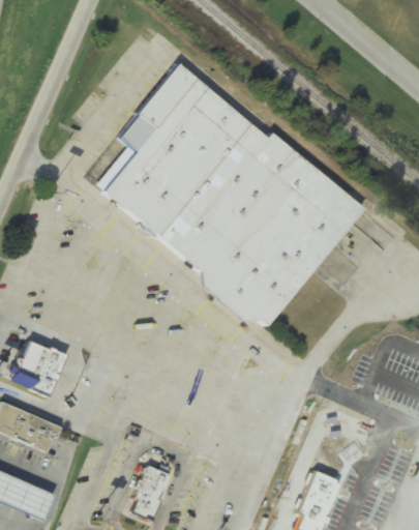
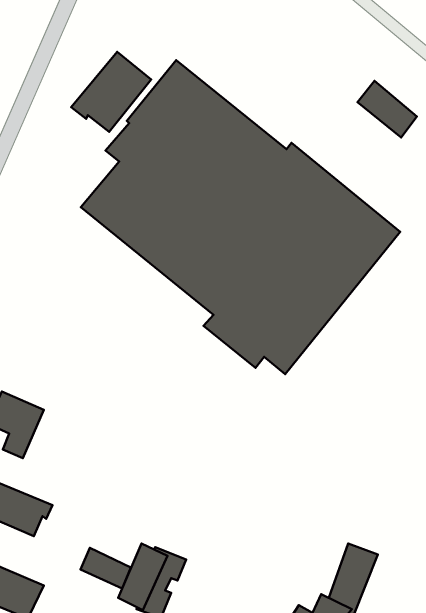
building: none -> [71,52,151,132]
building: none -> [358,81,417,138]
building: none -> [80,548,131,589]

